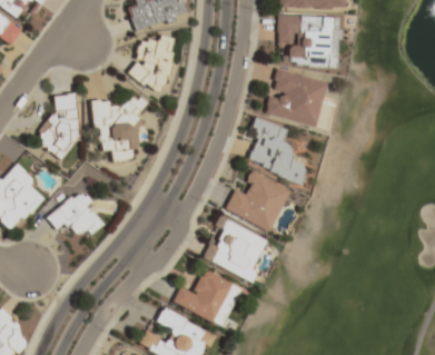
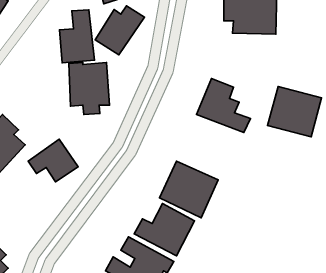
building: [265,68,328,127] -> [268,87,322,137]
building: [39,93,80,156] -> [59,10,94,63]
building: [224,170,291,233] -> none

